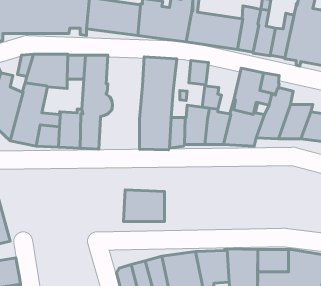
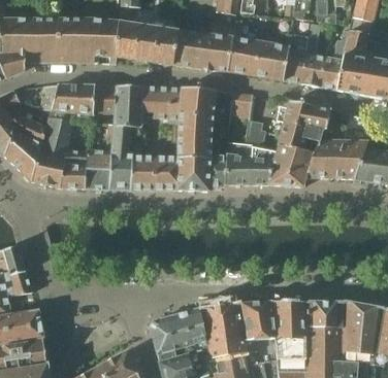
building: none -> [138,85,181,119]
building: [123,190,164,221] -> [130,154,175,190]

